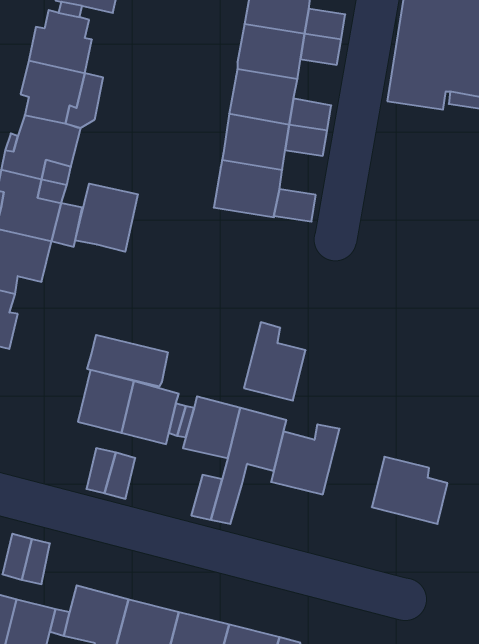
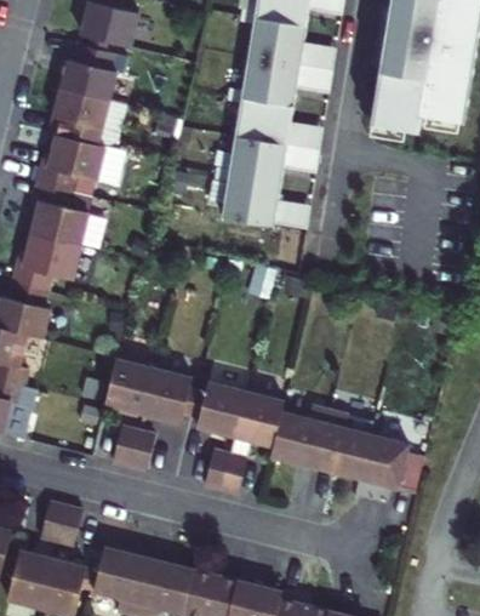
building: [75,184,138,252] -> none
building: [244,322,306,401] -> [315,410,368,478]
building: [87,335,168,387] -> none

